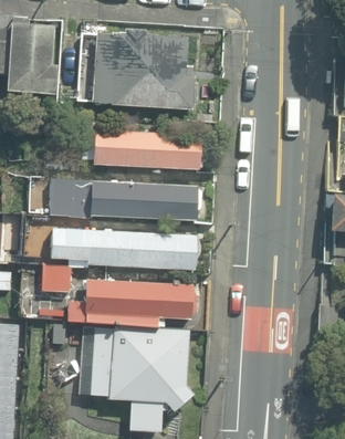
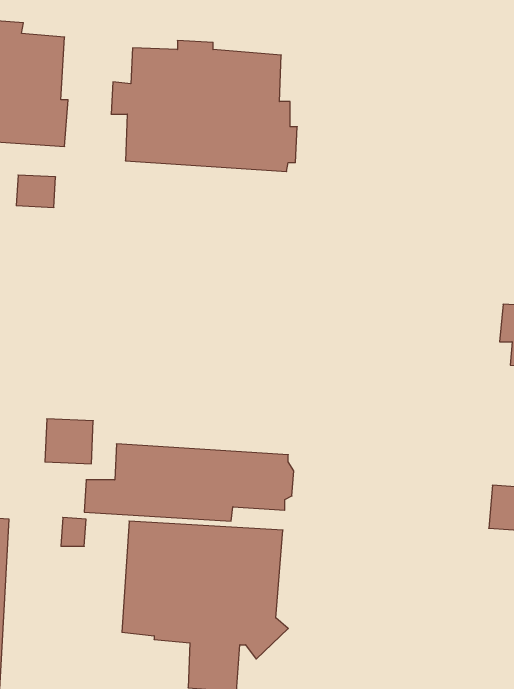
building: [82,129,199,171] -> none
building: [48,179,199,220] -> none
building: [51,229,200,270] -> none

